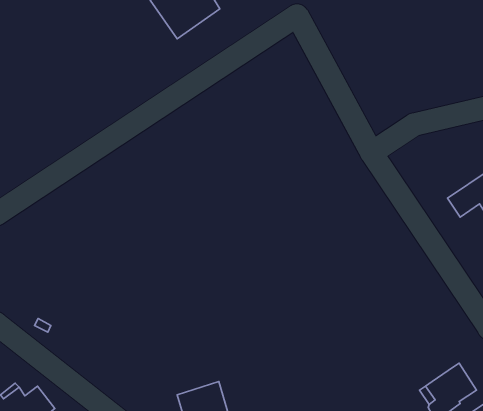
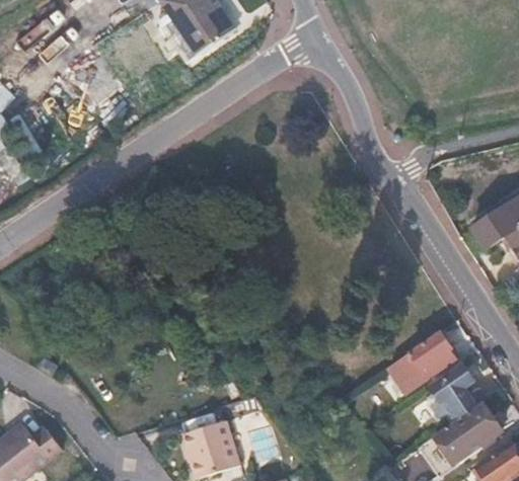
building: none -> [390,334,455,394]
building: none -> [432,365,477,421]

